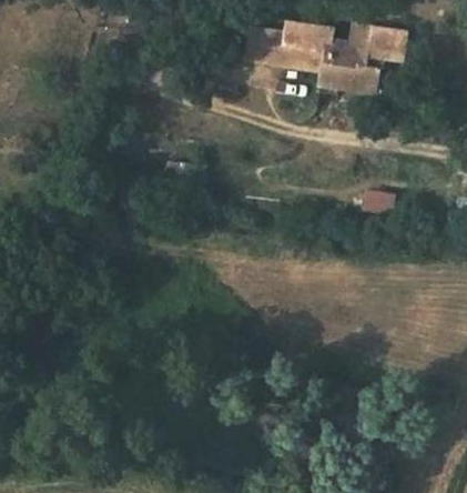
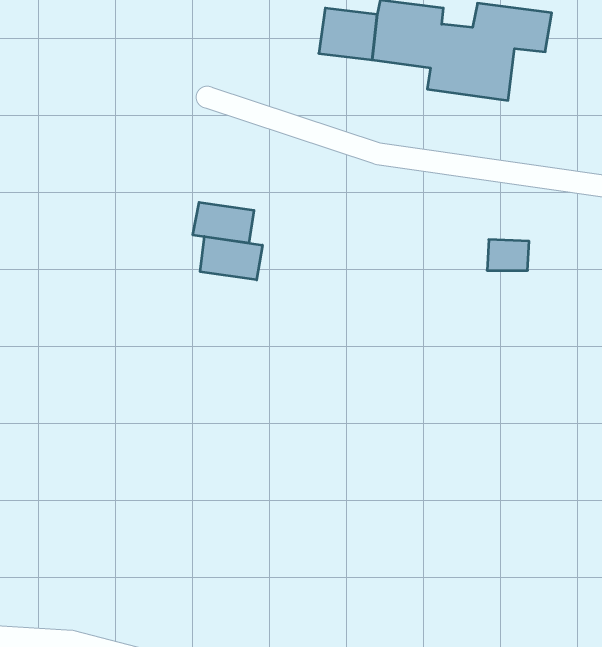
building: none -> [200,236,262,280]

